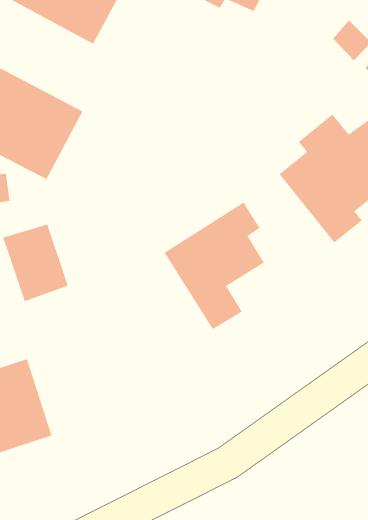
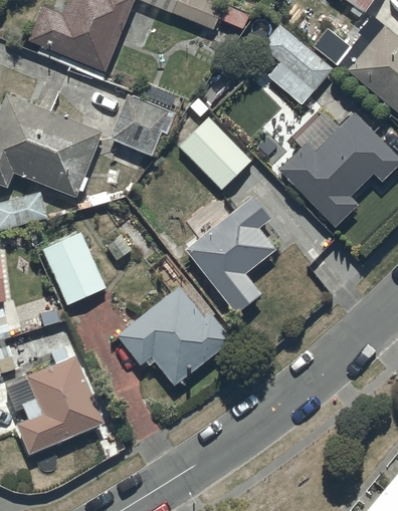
building: none -> [260,25,333,103]
building: none -> [111,87,185,156]
building: none -> [179,116,252,190]
building: none -> [118,285,233,385]

